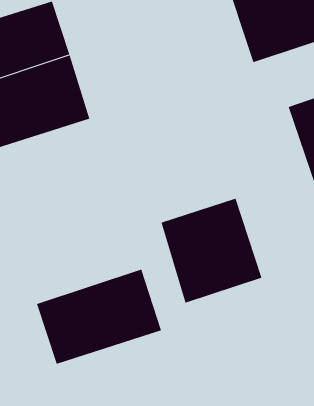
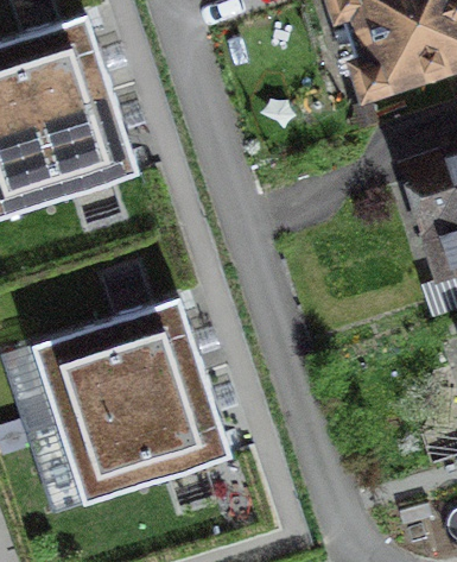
building: [161,198,262,304] -> none
building: none -> [51,301,207,418]

